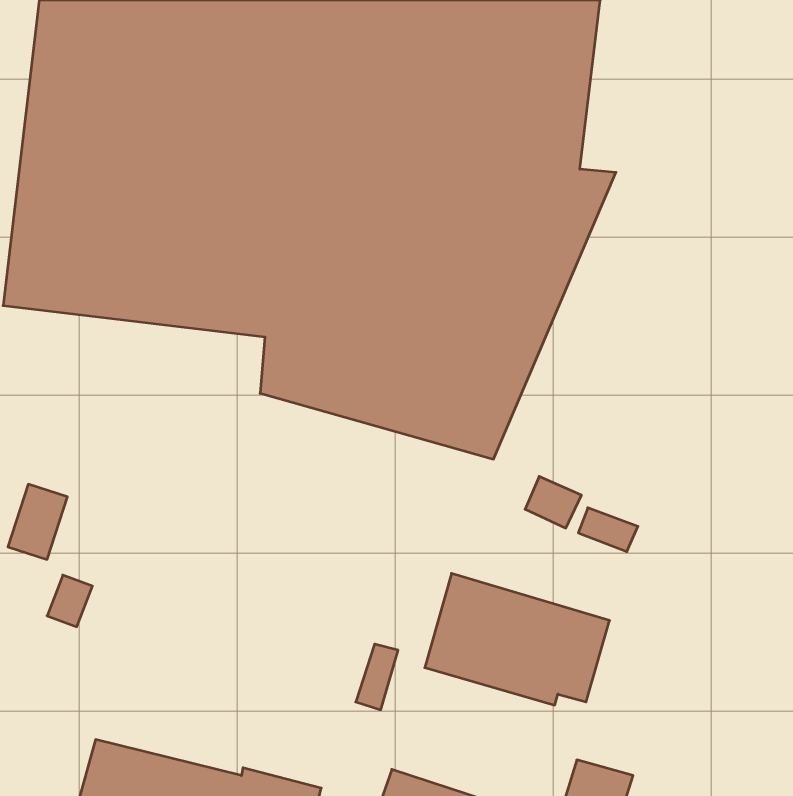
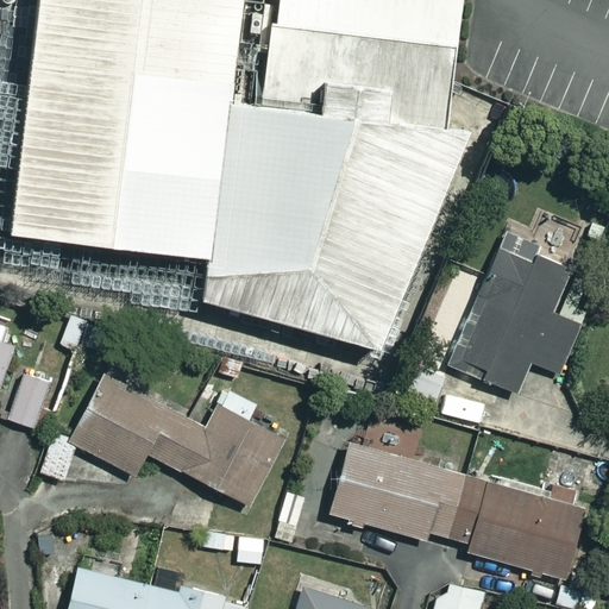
building: none -> [448,245,582,391]
building: none -> [71,376,284,503]
building: none -> [451,475,582,577]

